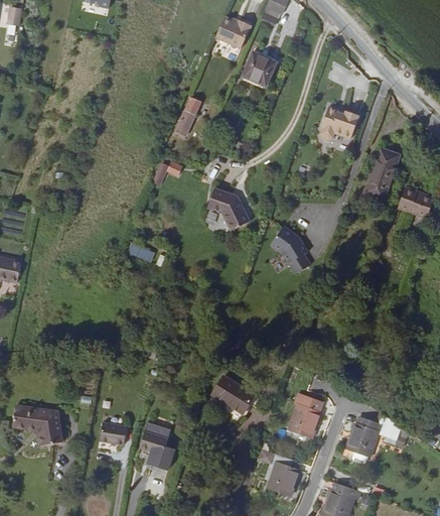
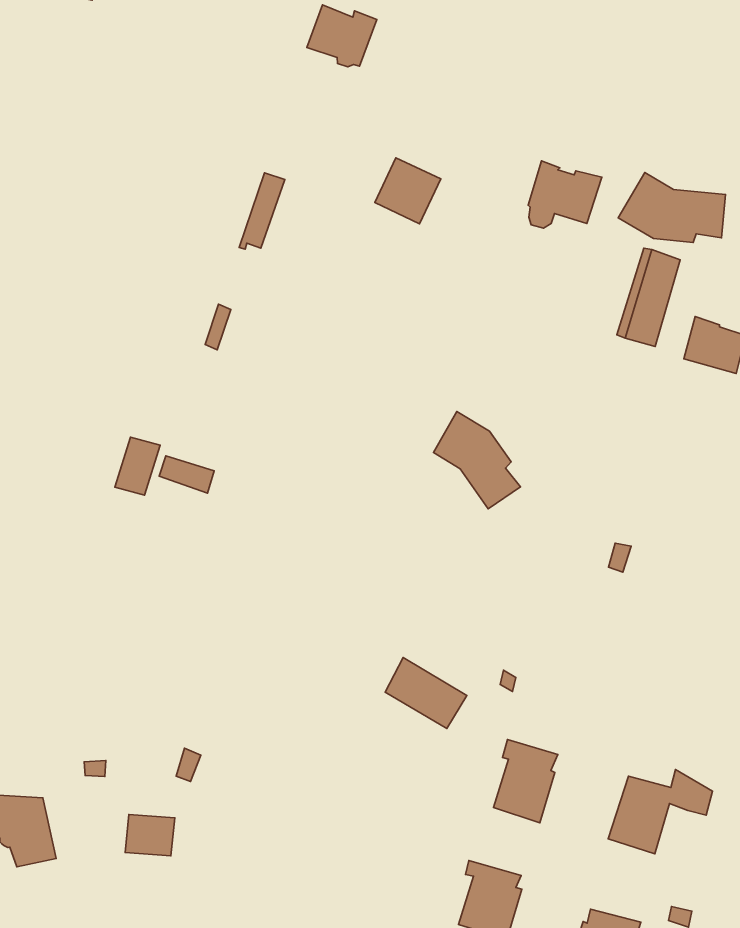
building: [242,49,276,84] -> [375,158,441,224]
building: none -> [618,173,726,243]
building: [207,184,249,226] -> none
building: none -> [115,437,160,495]
building: [210,377,252,414] -> [385,658,467,728]
building: [137,422,172,470] -> none

